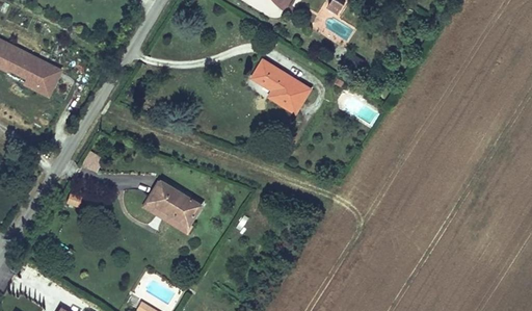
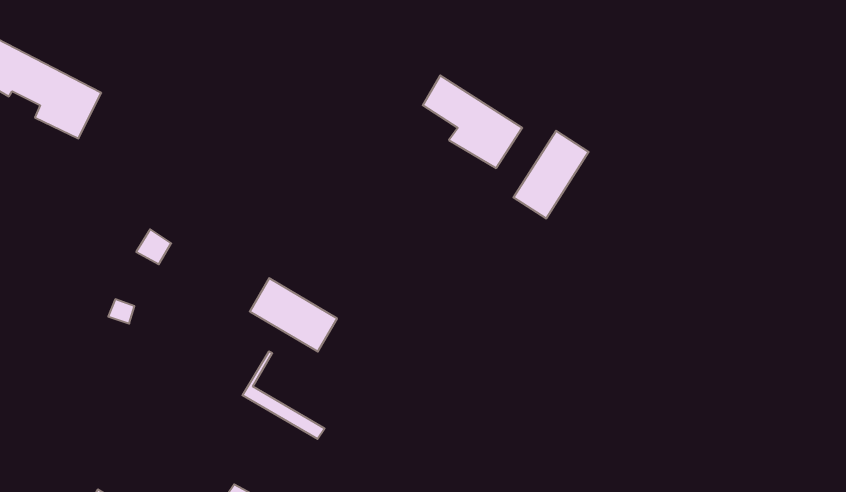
building: none -> [513,131,589,219]
building: [142,179,191,231] -> [242,352,325,439]

